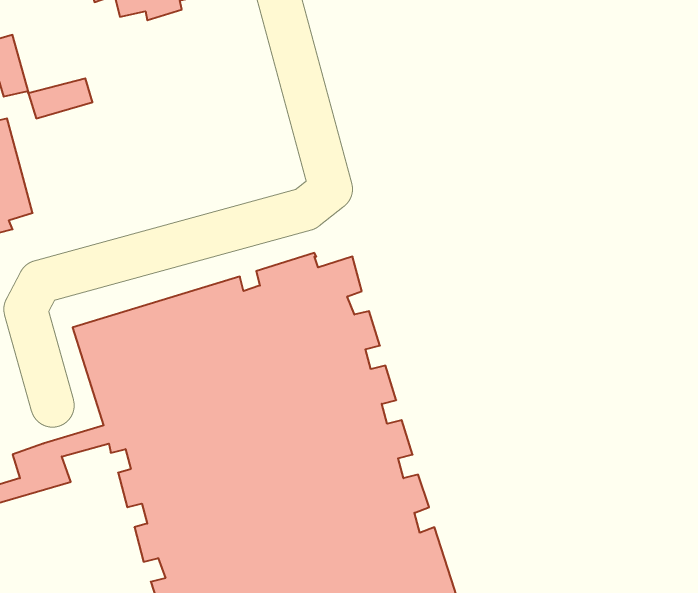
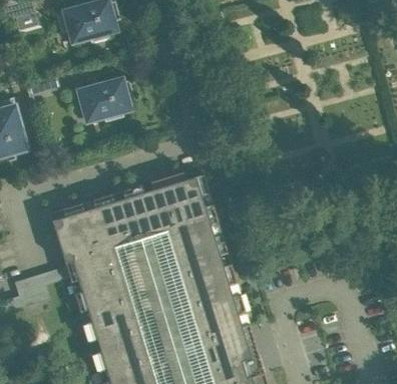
building: none -> [76,80,133,123]

